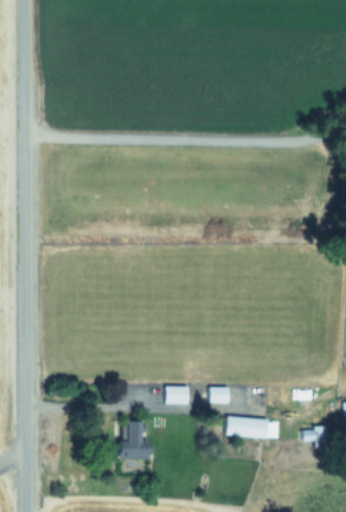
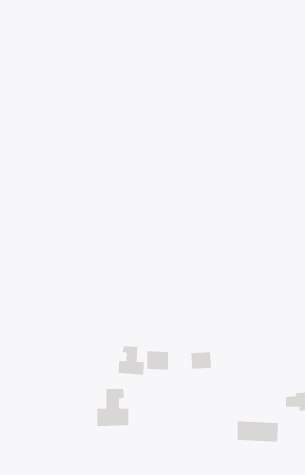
building: none -> [118,346,144,375]
building: [227,417,268,438] -> [237,421,279,442]

